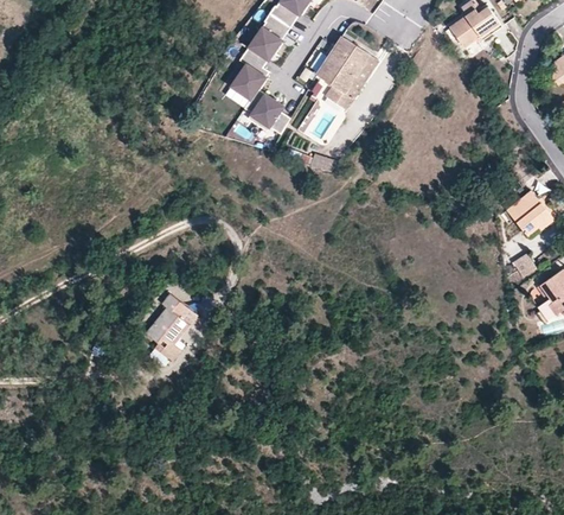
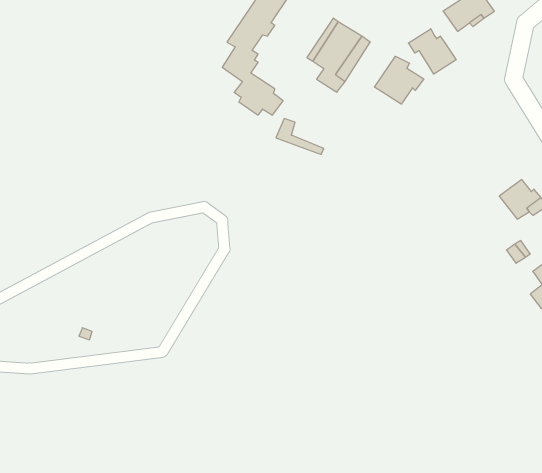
building: none -> [408,29,456,74]
building: none -> [374,56,424,104]
building: [146,293,196,358] -> none

